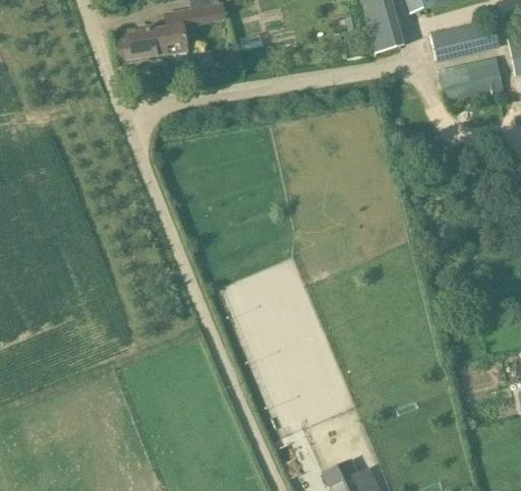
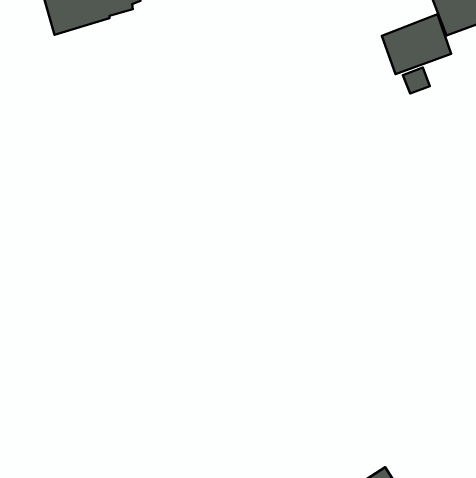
building: none -> [382,14,451,74]

